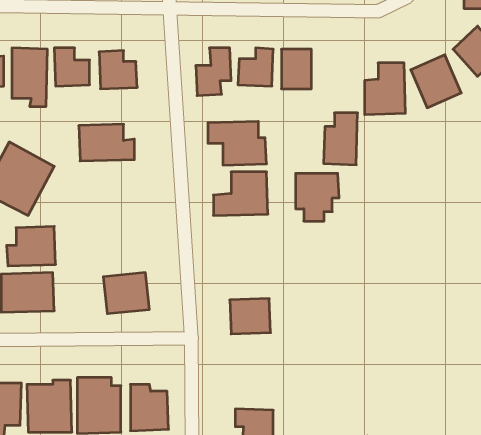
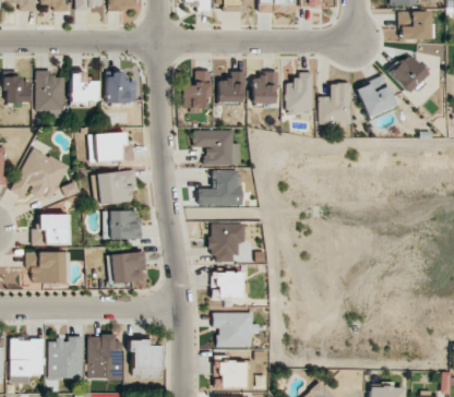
building: [324,113,358,165] -> [286,72,313,113]
building: none -> [98,171,135,203]
building: [296,173,339,221] -> [210,224,244,262]
building: none -> [104,210,141,239]
building: none -> [213,312,259,347]

